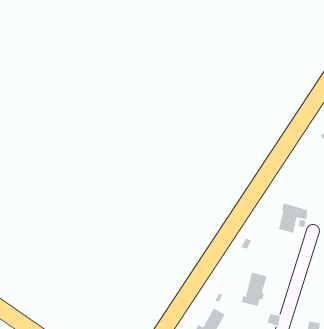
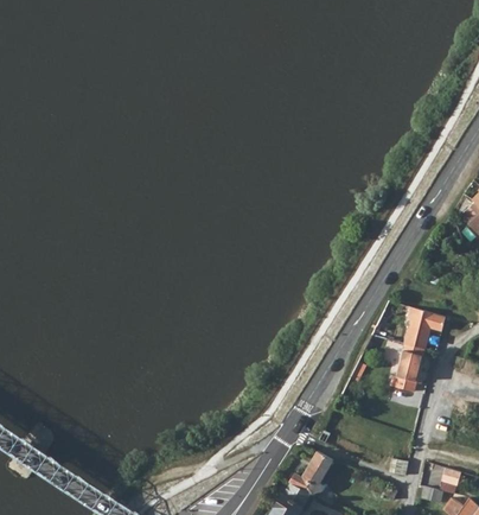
building: [241,272,267,307] -> [389,344,424,392]

